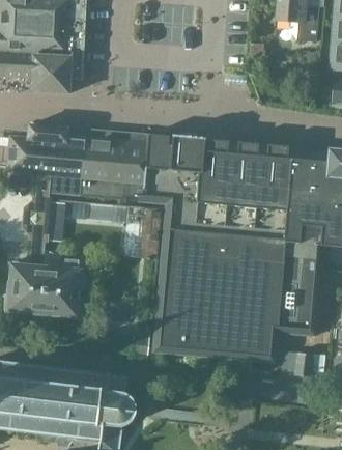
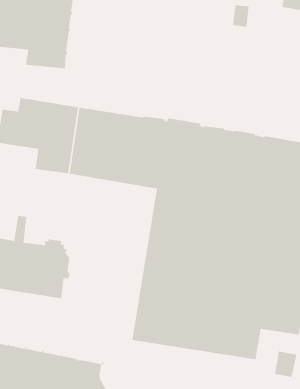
building: [47,200,163,256] -> none

